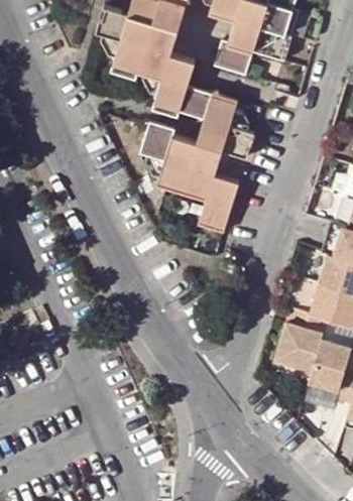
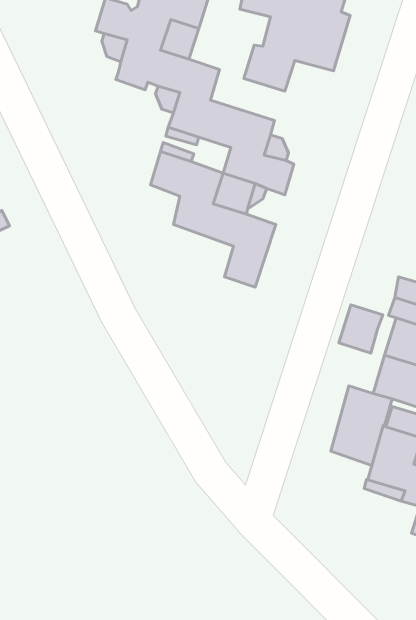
building: none -> [339,305,383,353]

